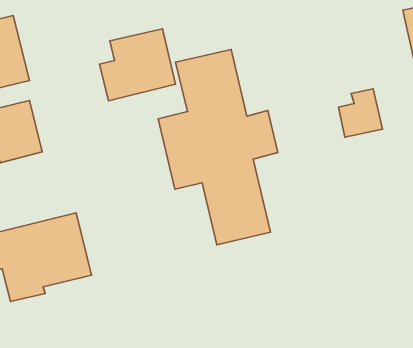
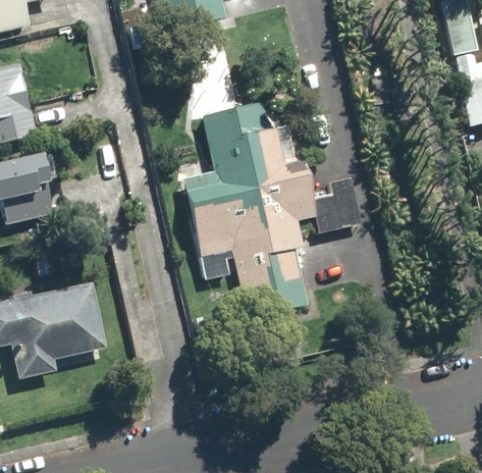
building: [100,29,175,101] -> none
building: [339,89,382,137] -> [315,174,364,228]

